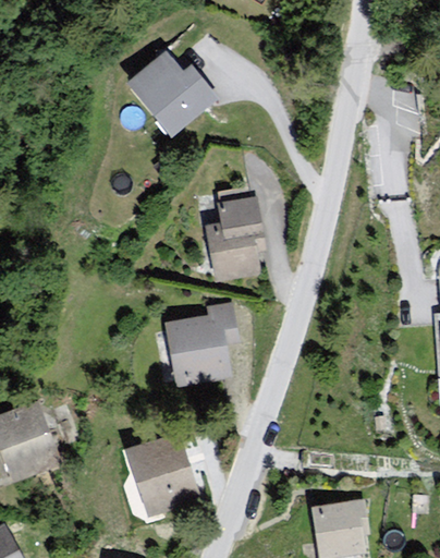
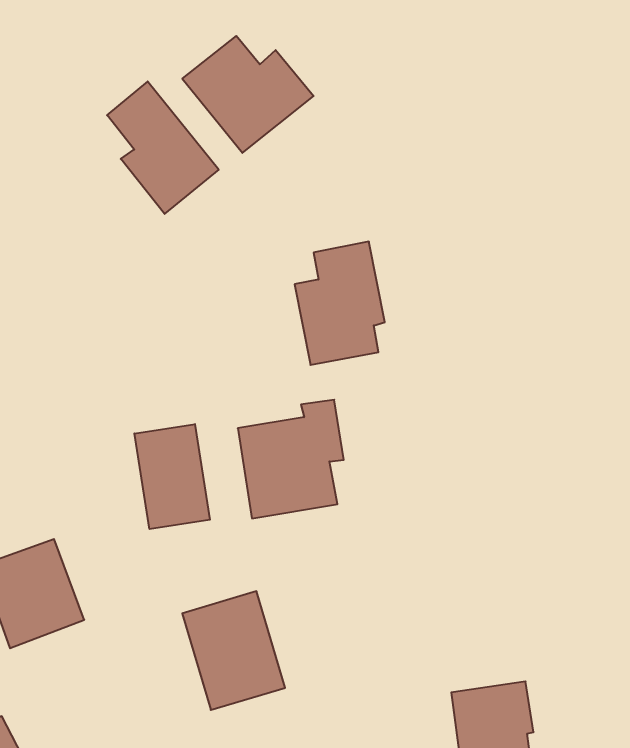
building: none -> [107,81,219,214]
building: none -> [134,424,210,529]

